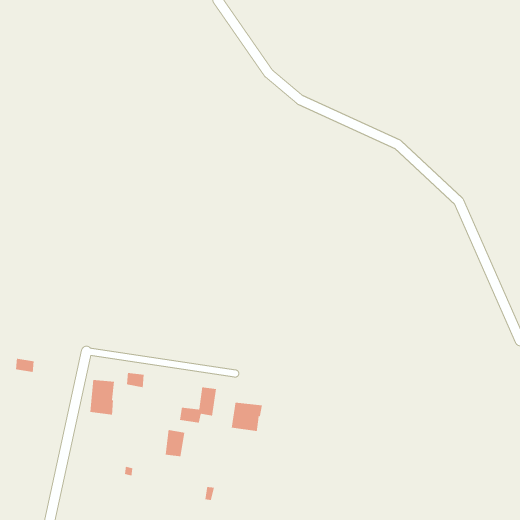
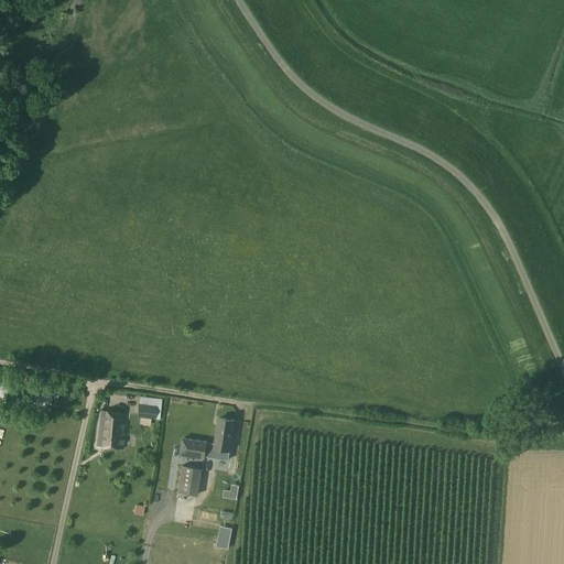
building: [231,402,262,432] -> none

